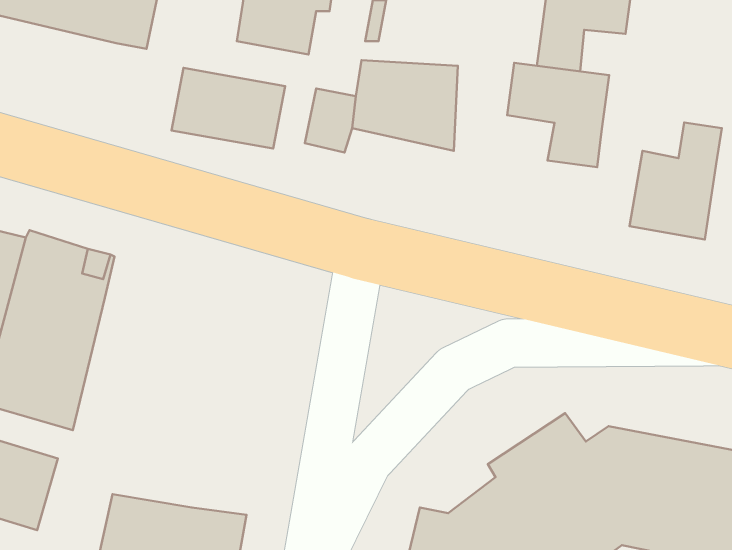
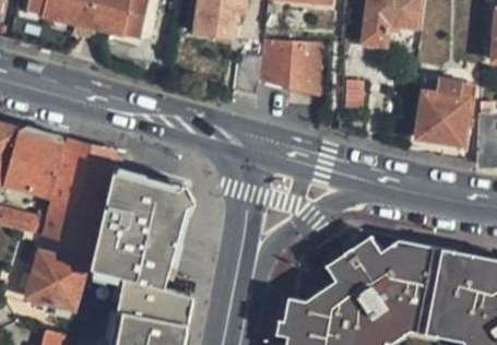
building: [507,63,609,167] -> none
building: [171,68,285,149] -> none
building: none -> [86,178,191,299]

